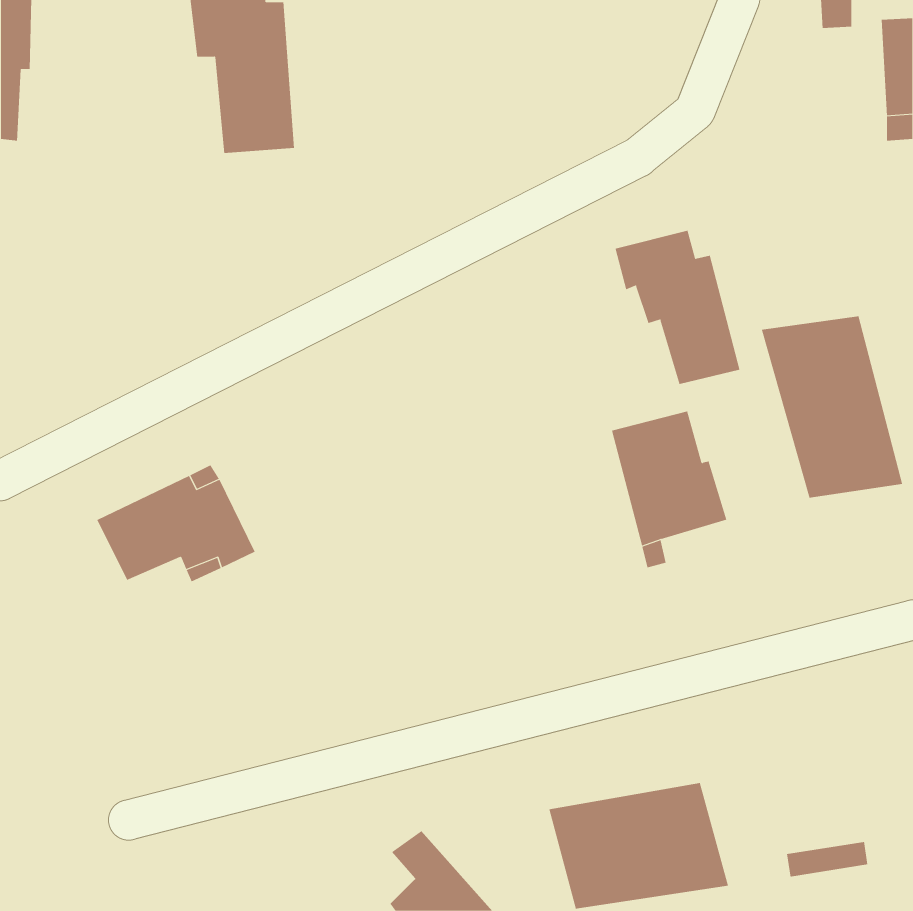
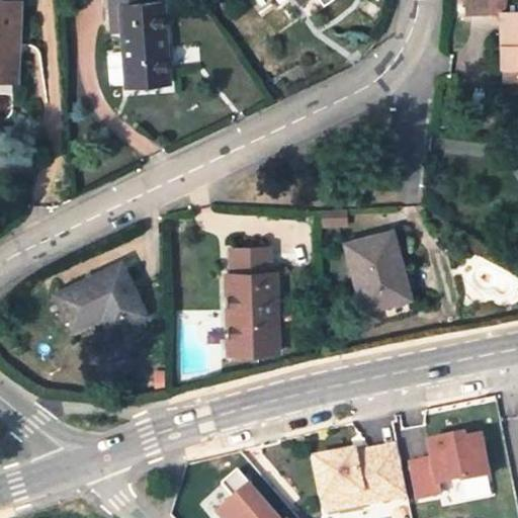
building: [615,230,740,385] -> none
building: [761,316,903,498] -> none
building: none -> [226,248,277,351]
building: none -> [409,428,493,500]

